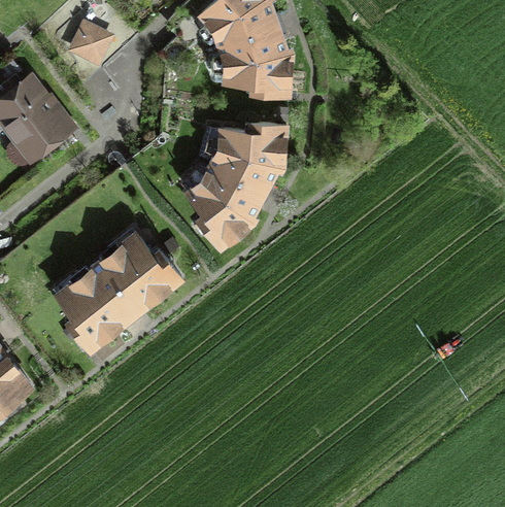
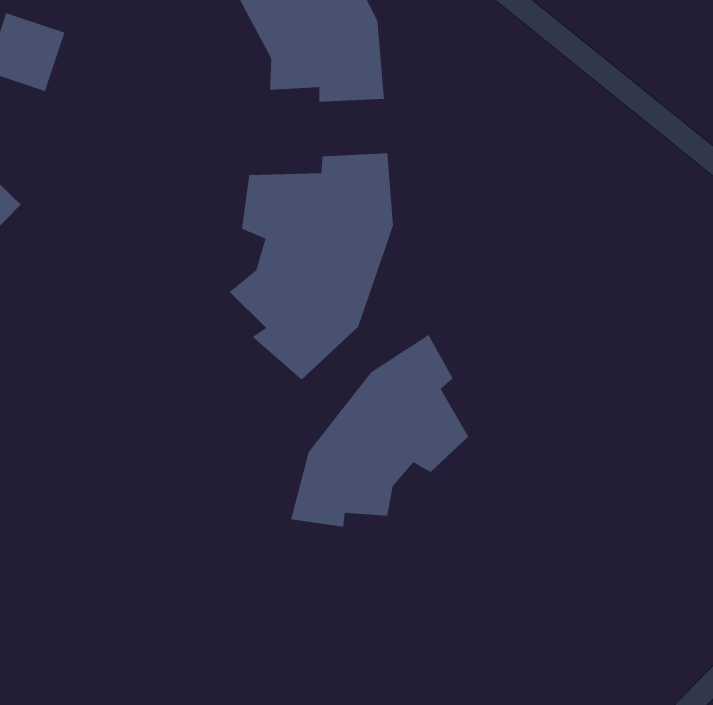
building: [53,229,179,344] -> none
building: none -> [290,334,469,528]

